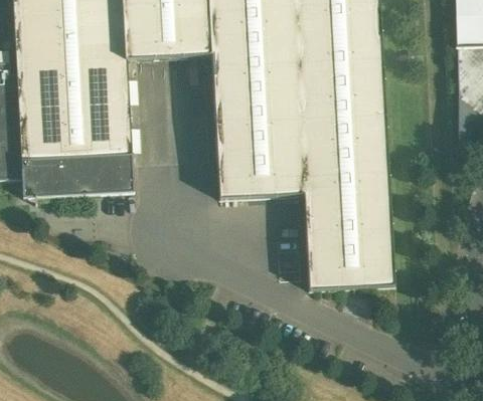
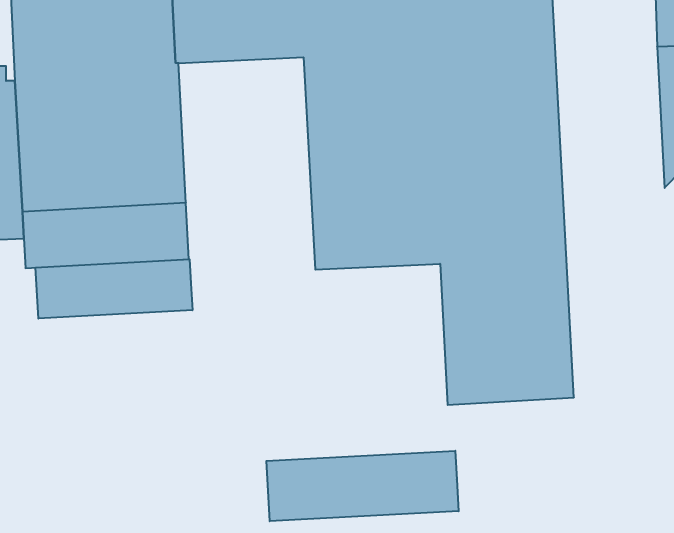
building: none -> [36,259,192,319]
building: none -> [266,451,459,521]

